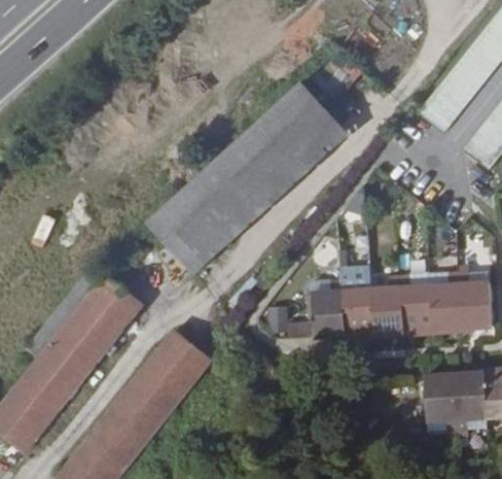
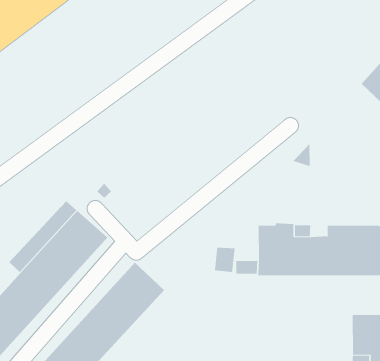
building: [150,82,349,273] -> none

